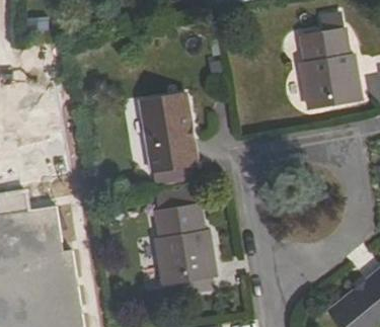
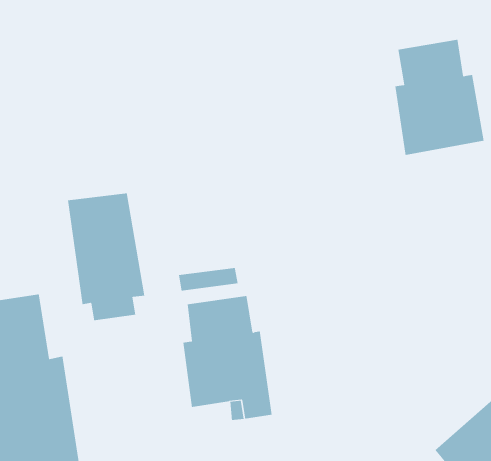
building: [141,96,195,184] -> [67,193,145,321]

